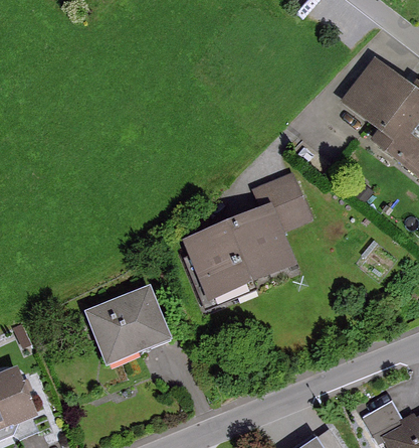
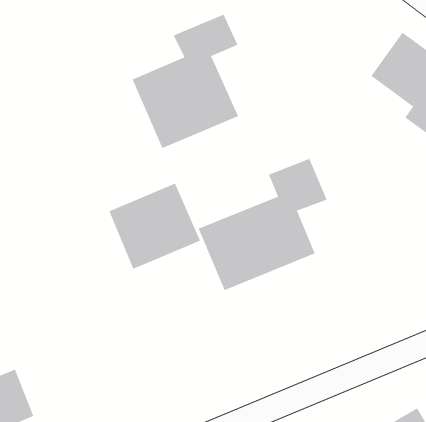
building: none -> [132,14,239,149]
building: [87,285,172,364] -> [109,183,201,270]

